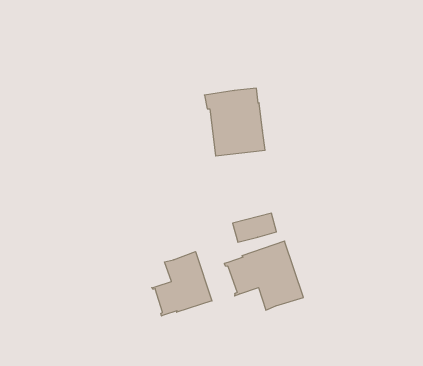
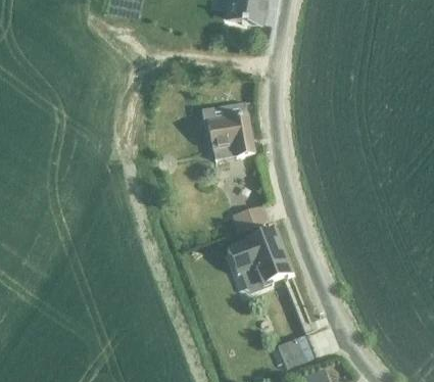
building: [152,252,212,316] -> none

